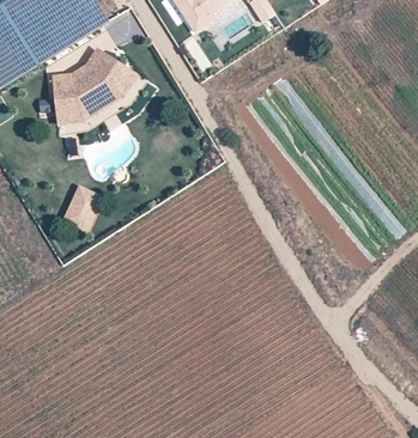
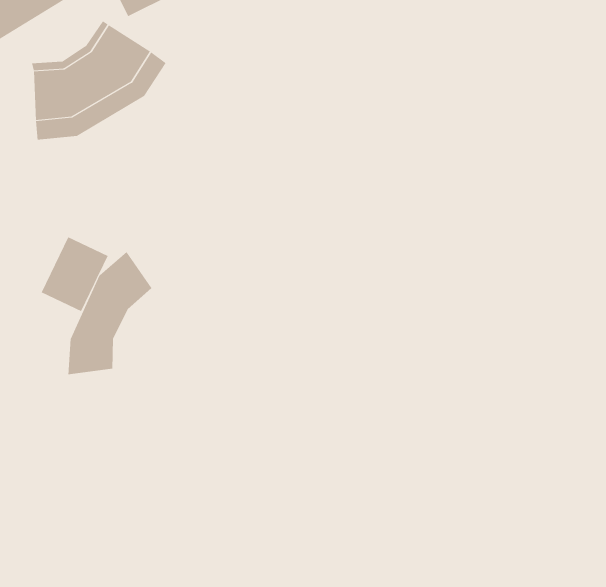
building: none -> [68,251,152,375]

